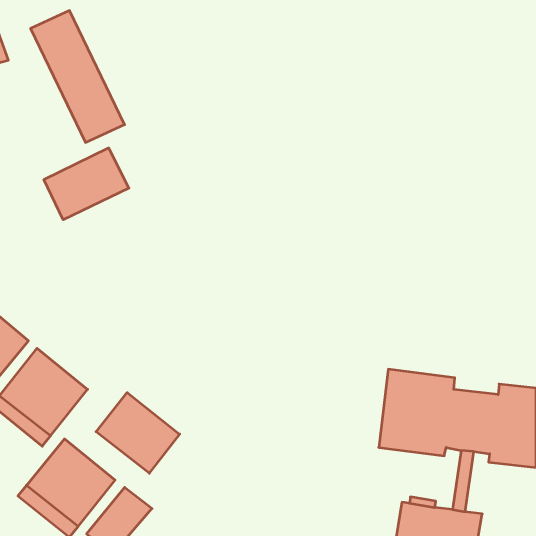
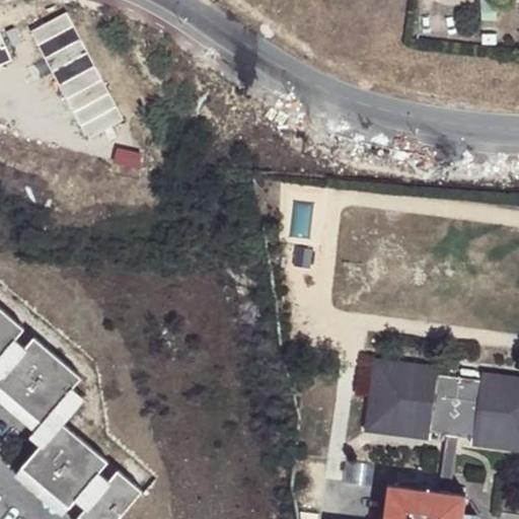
building: [44,148,129,220] -> none
building: [96,393,180,473] -> none

